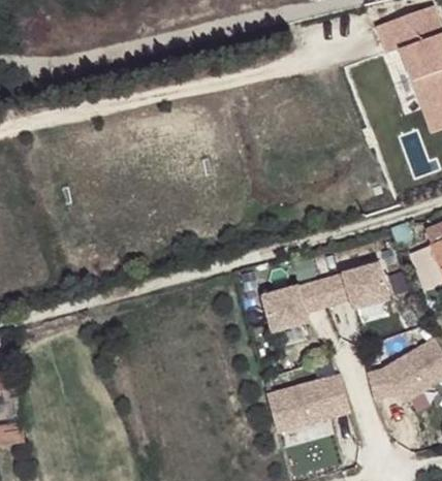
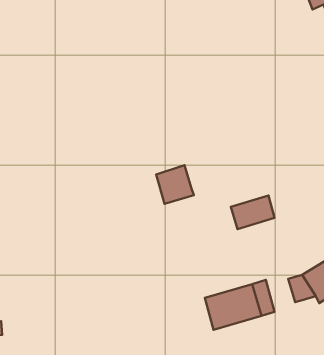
building: [340,263,386,310] -> none
building: [260,287,306,333] -> [156,165,194,204]

